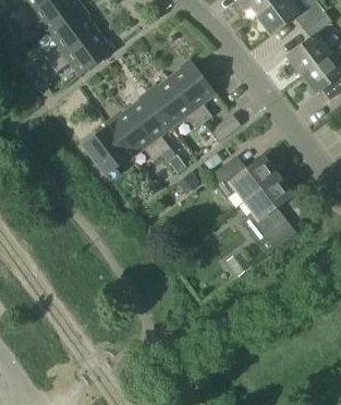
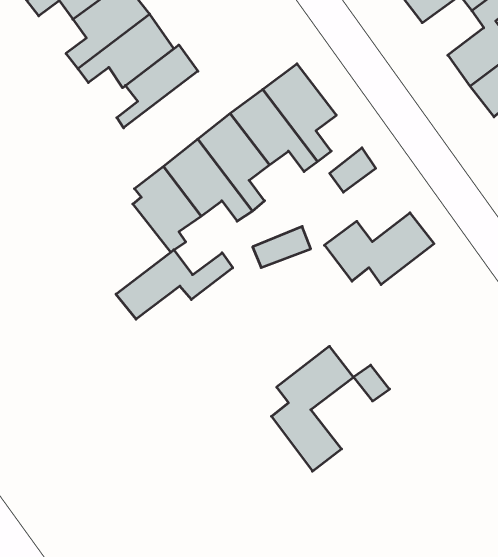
building: none -> [117,45,198,128]
building: [242,175,294,255] -> [271,346,354,471]
building: none -> [116,250,233,319]

